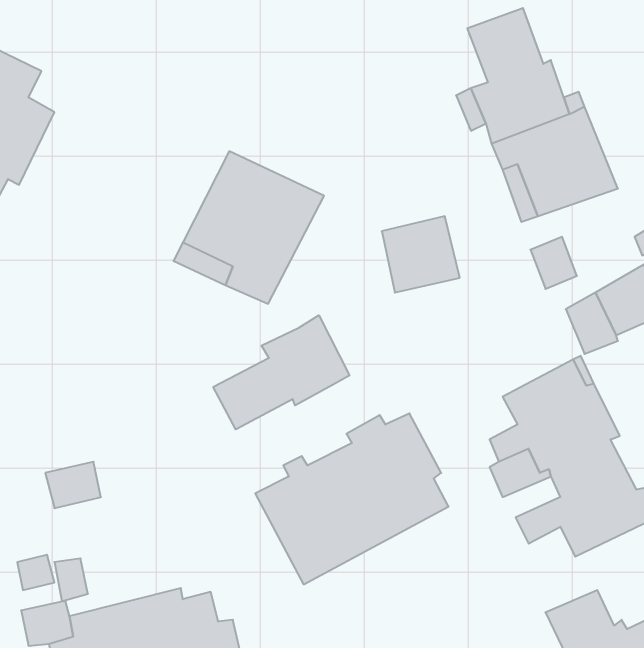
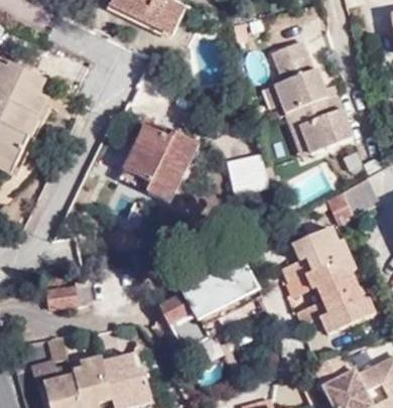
building: [213,315,349,429] -> none

